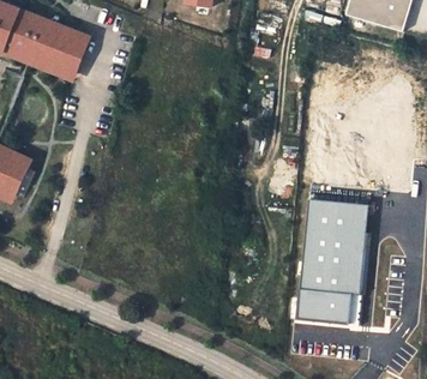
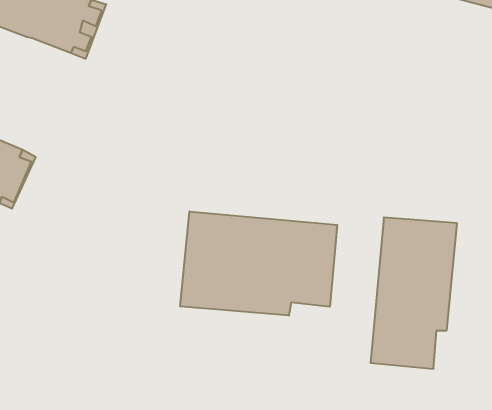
building: none -> [180,211,337,316]

